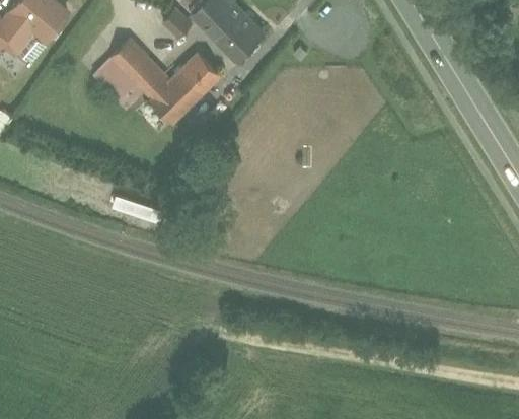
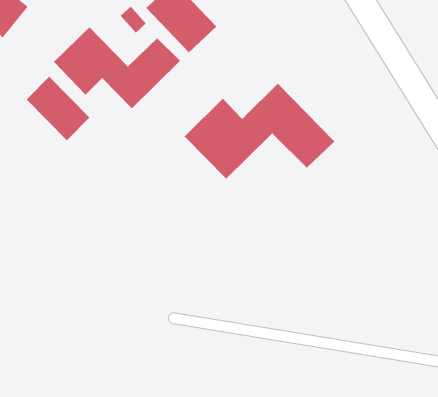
building: none -> [26,76,90,141]
building: none -> [184,83,335,179]

